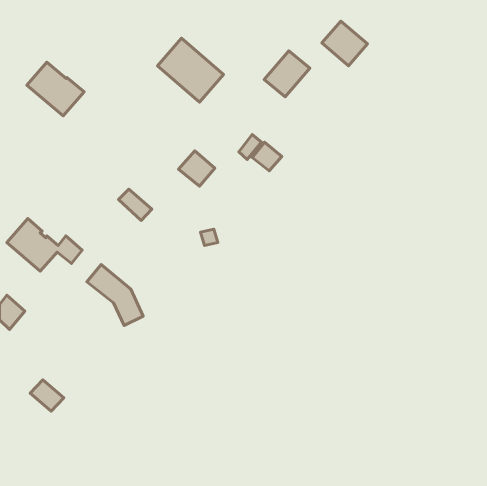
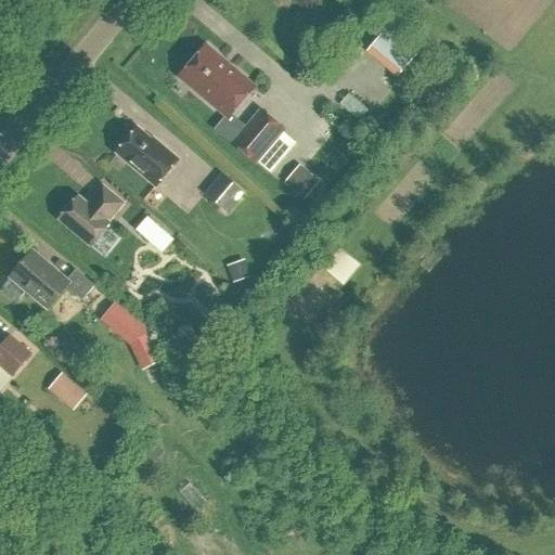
building: [264,51,310,97] -> [232,108,284,160]
building: [27,62,84,116] -> [114,125,179,185]
building: none -> [59,184,121,244]
building: [30,380,64,411] -> [50,372,88,408]

